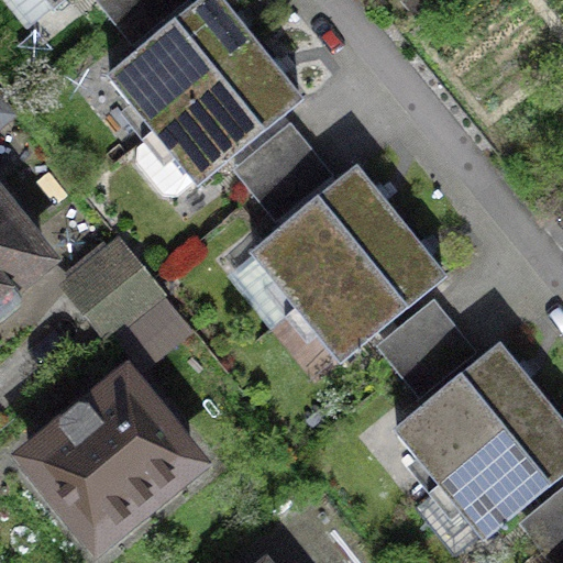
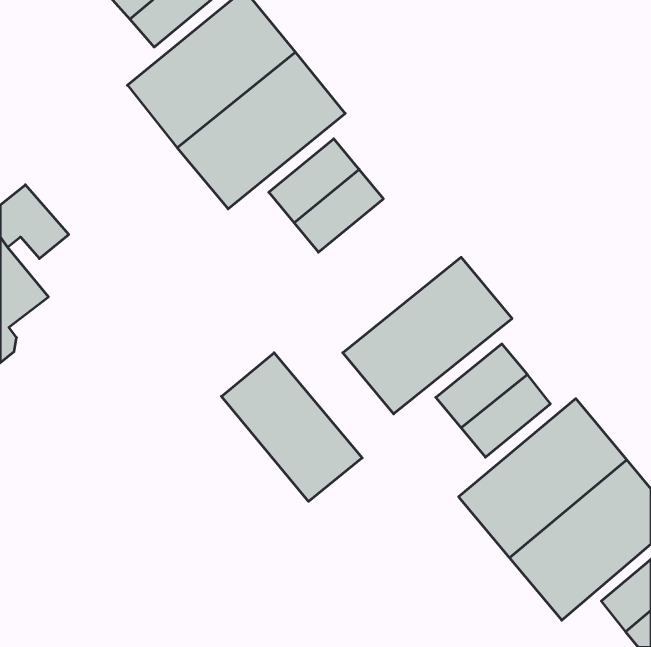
building: [253,168,398,305] -> none
building: [66,236,165,335] -> none
building: none -> [221,353,362,501]
building: [26,377,194,541] -> none

